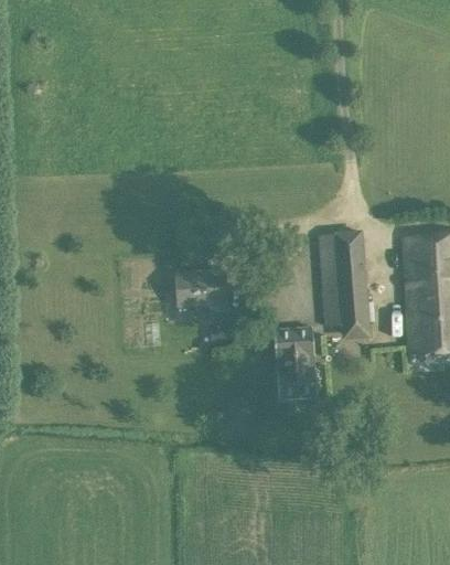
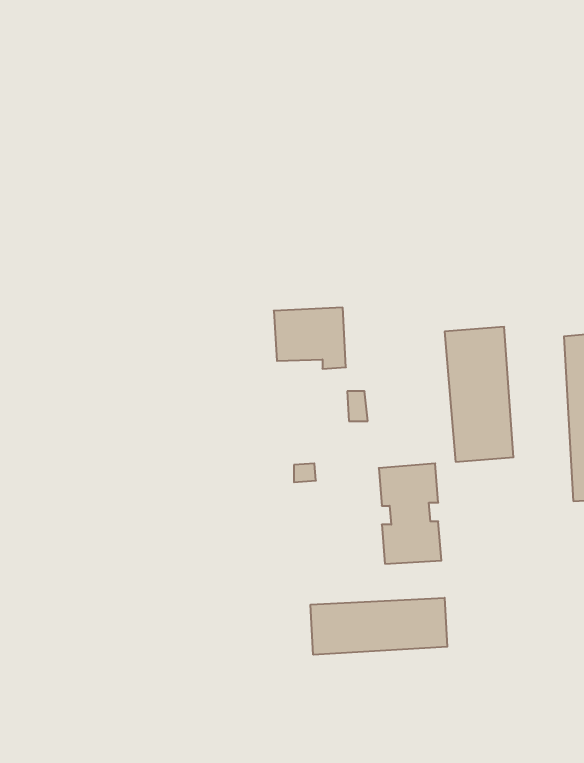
building: [176,270,227,313] -> [274,308,346,369]
building: none -> [311,598,447,655]

